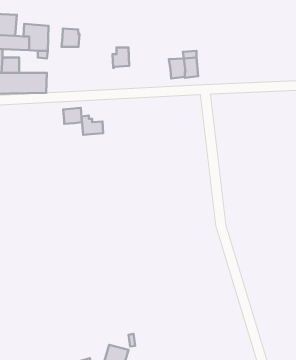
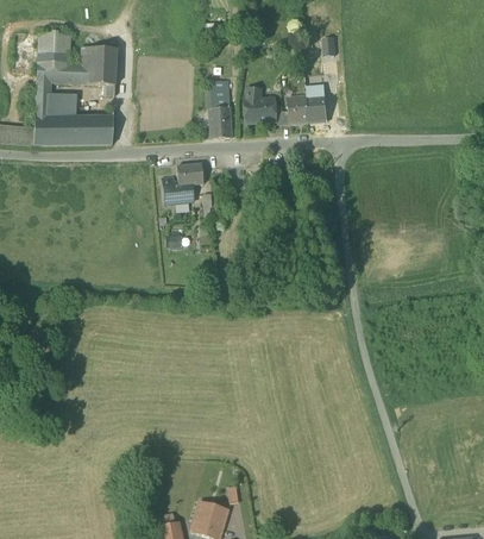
building: [61,28,79,47] -> none
building: none -> [245,87,275,120]
building: none -> [209,105,233,137]
building: [63,108,82,124] -> [177,162,203,184]

